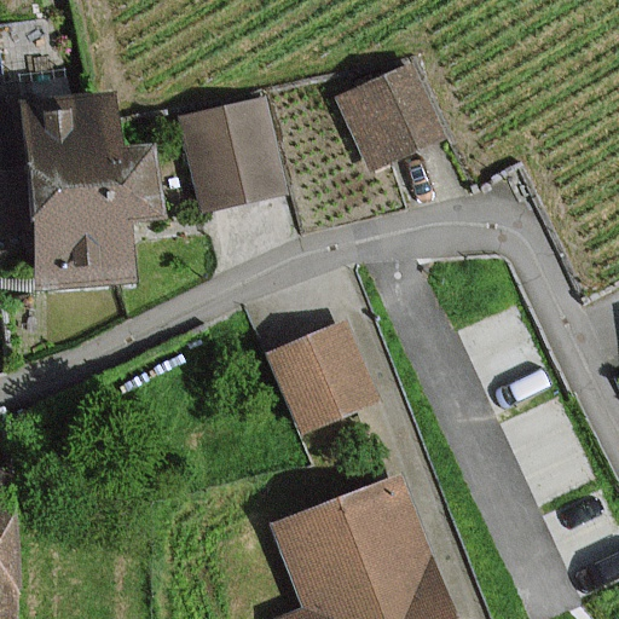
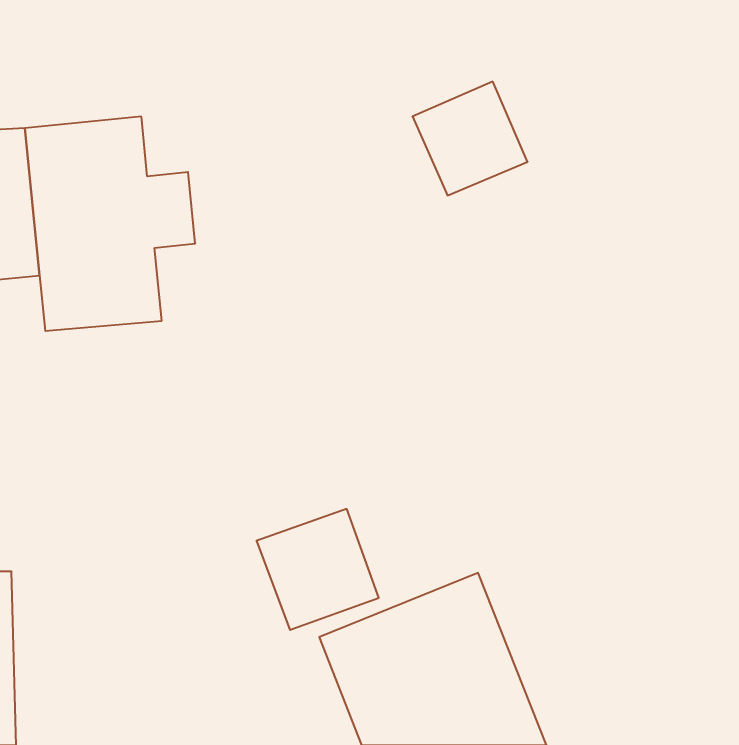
building: [184,98,282,208] -> none
building: [270,325,371,426] -> [256,509,379,630]

